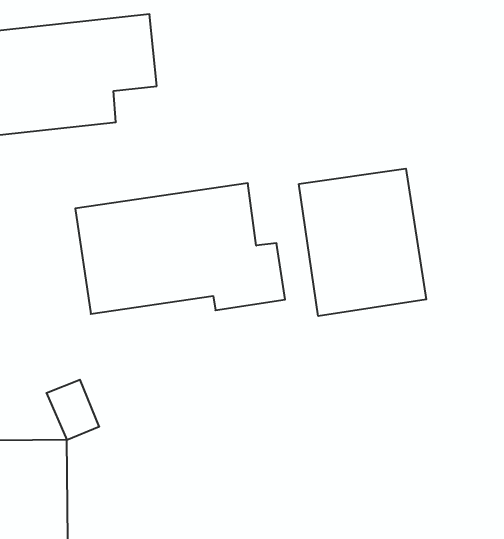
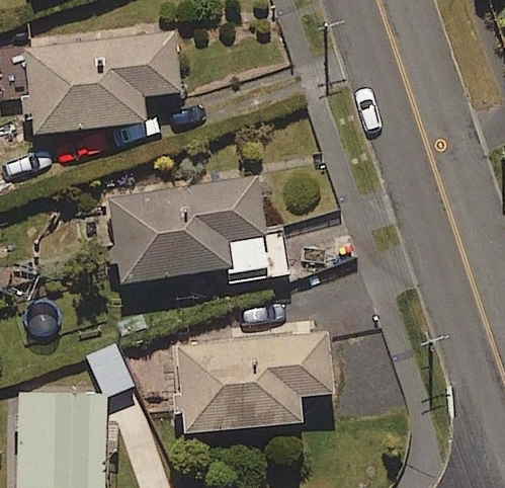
building: [299,169,426,316] -> none
building: none -> [173,331,332,434]

